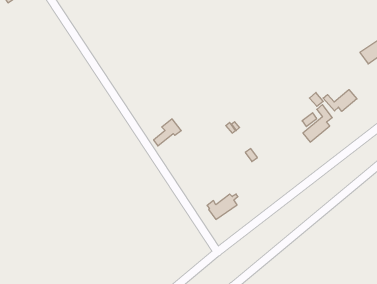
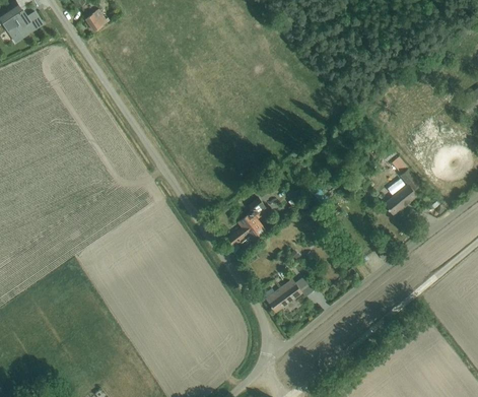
building: [323,90,357,111] -> none
building: [154,119,181,146] -> [227,213,262,247]

